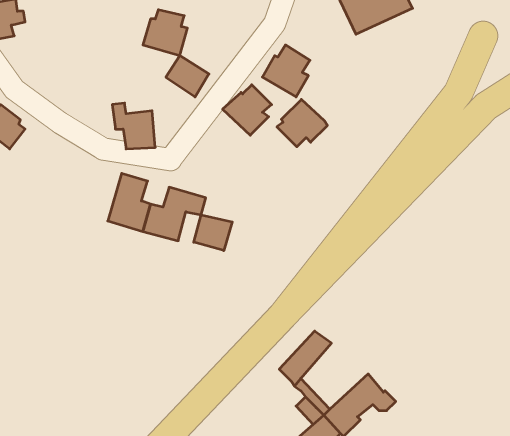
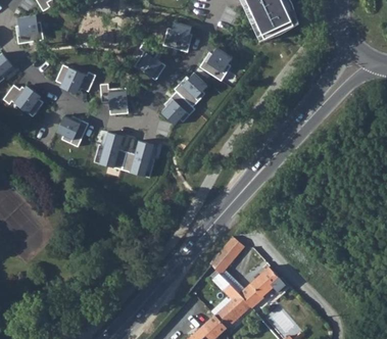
building: [143,10,187,56] -> [162,22,192,53]
building: none -> [55,65,95,94]
building: [277,99,327,147] -> [159,92,193,124]
building: none -> [55,114,87,146]
building: [194,215,232,251] -> none

